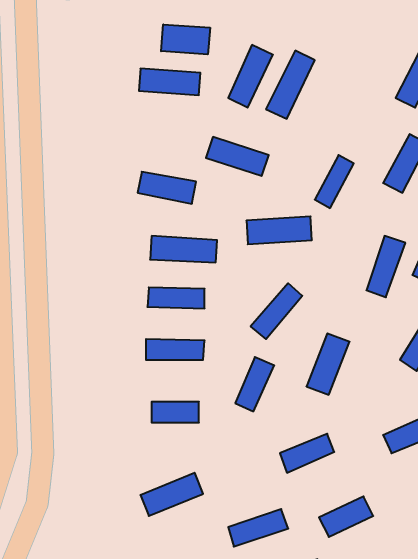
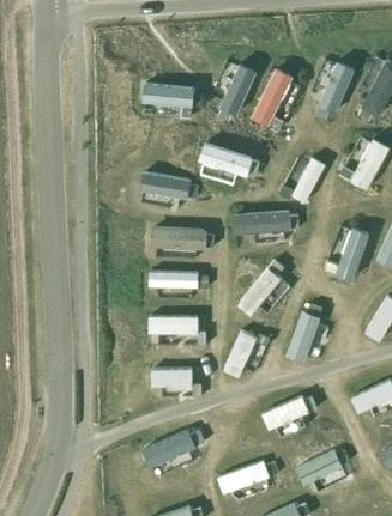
building: [161,24,210,54] -> none
building: none -> [315,62,355,115]

